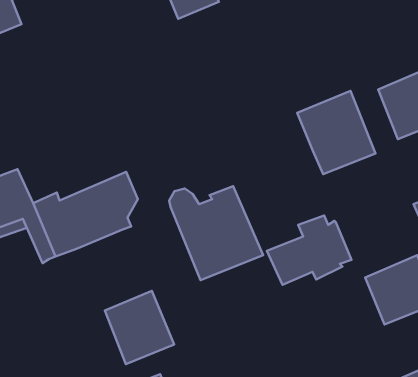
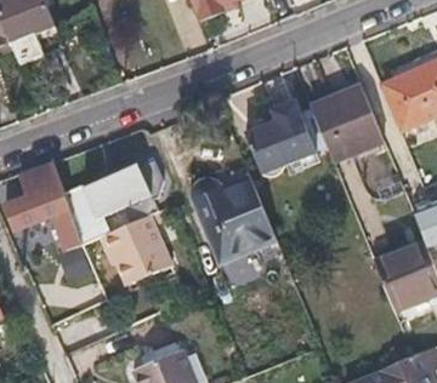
building: [267,216,352,285] -> [246,102,325,166]
building: [105,291,174,364] -> [106,216,170,284]

